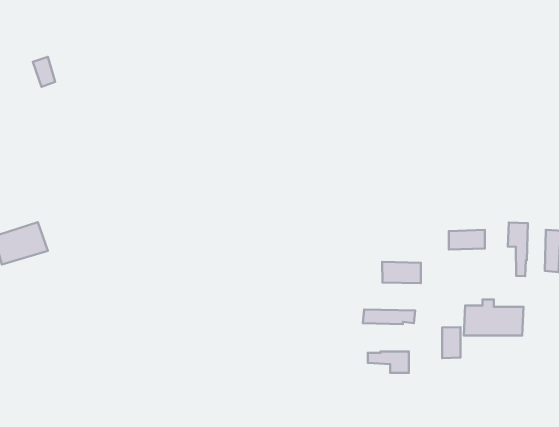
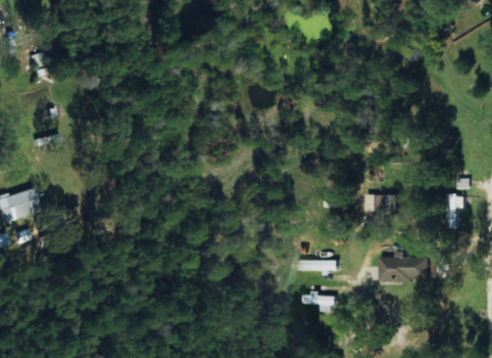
building: [508,222,528,276] -> none
building: [382,262,421,283] -> none
building: [442,327,460,358] -> none

